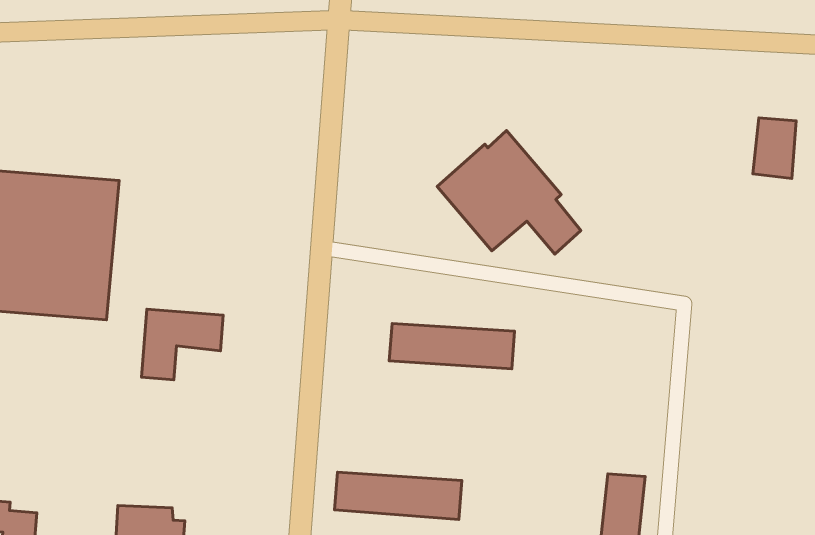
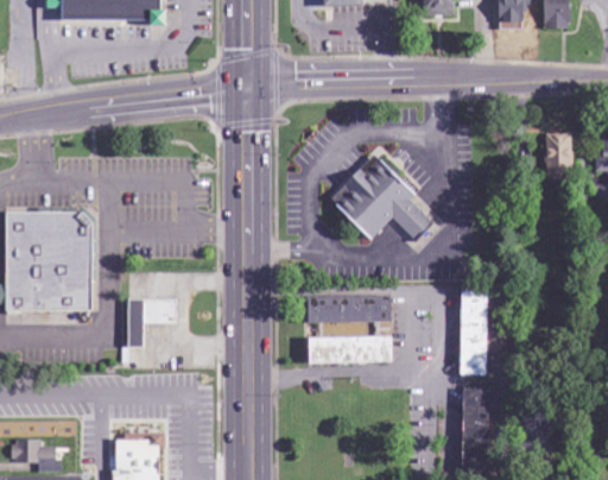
building: none -> [456,291,486,373]
building: [335,472,462,519] -> [302,334,388,361]

